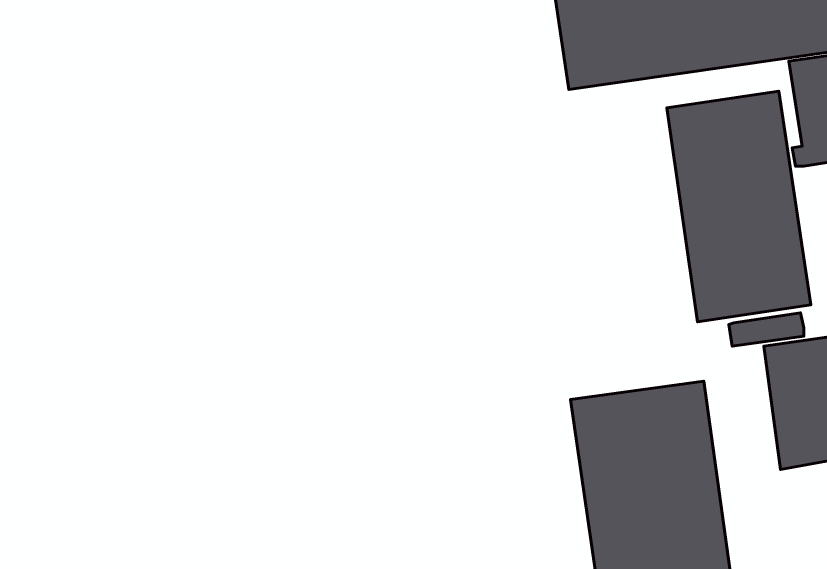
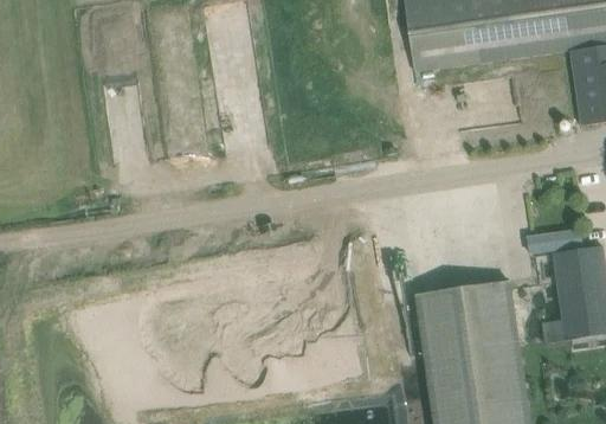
building: [667,91,811,322] -> none

